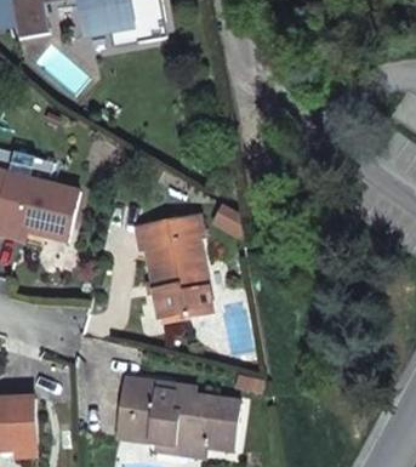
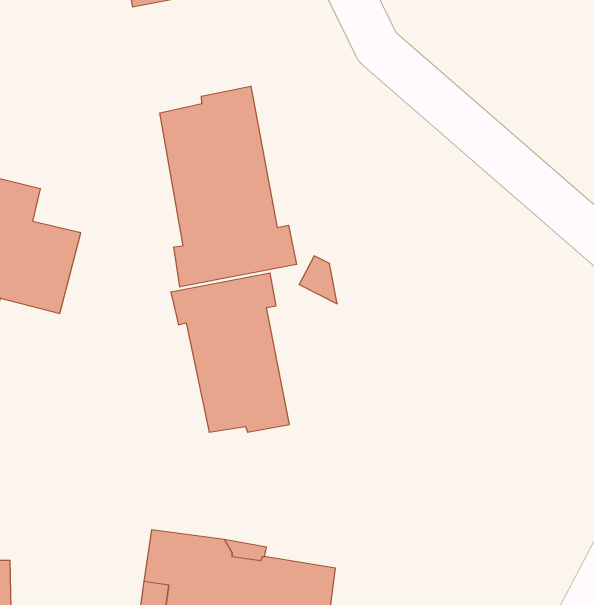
building: none -> [160,86,297,287]

